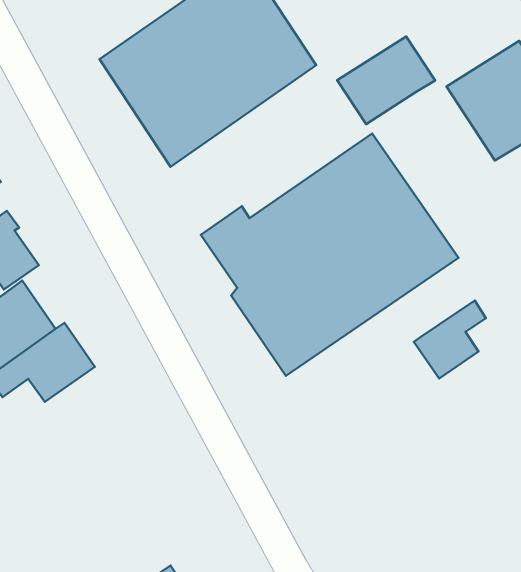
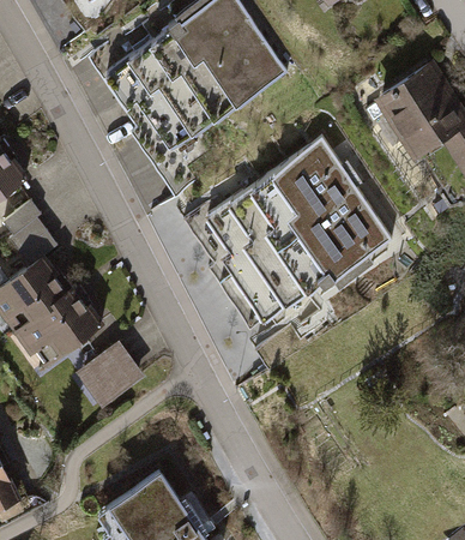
building: [337,36,435,124] -> none
building: [414,300,486,378] -> none
building: none -> [76,341,146,410]

